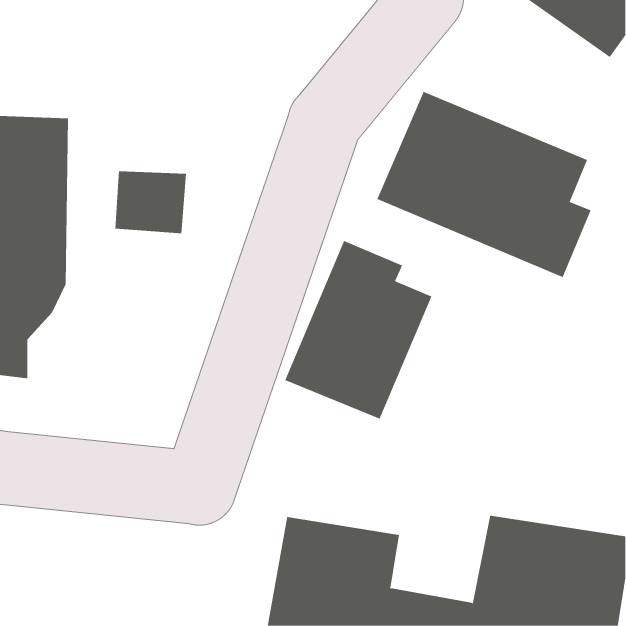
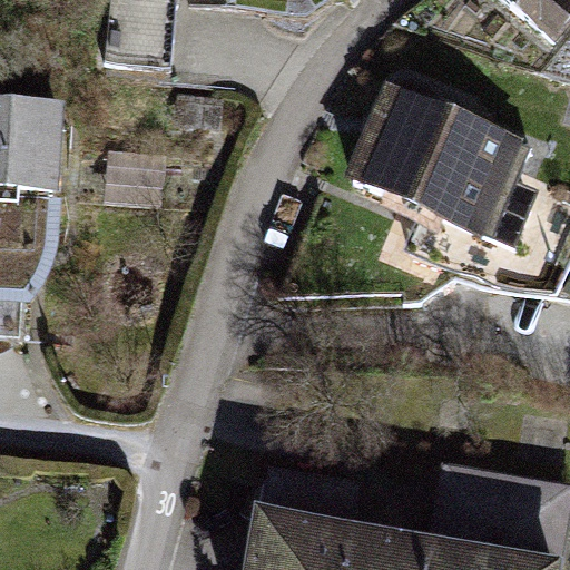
building: [285,240,432,420] -> none

